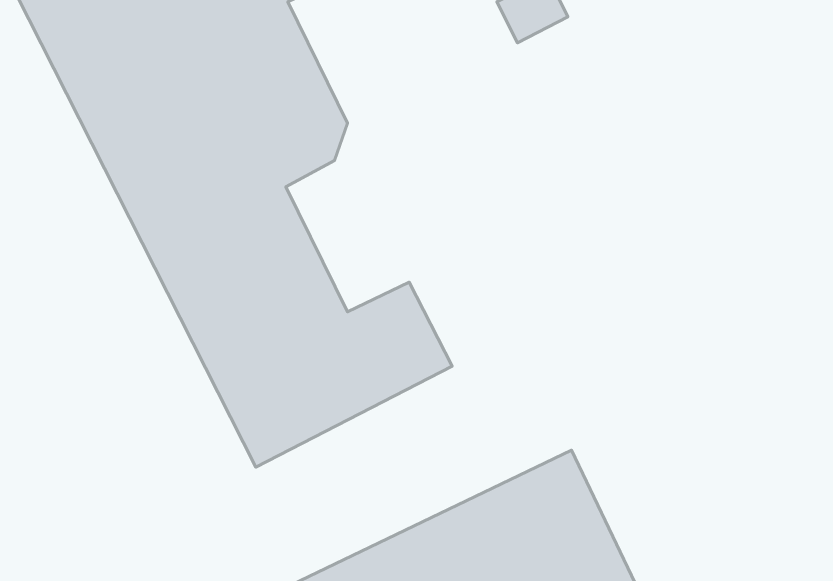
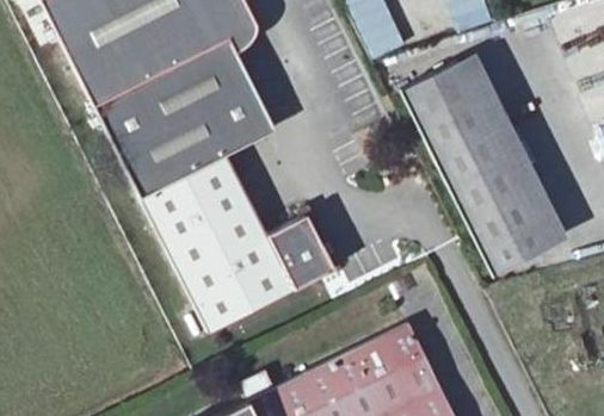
building: none -> [402,58,553,272]

